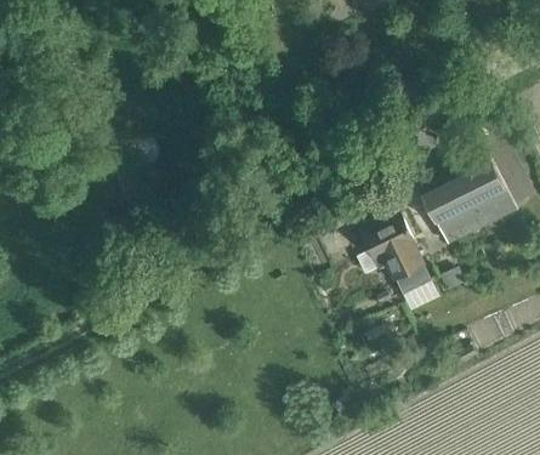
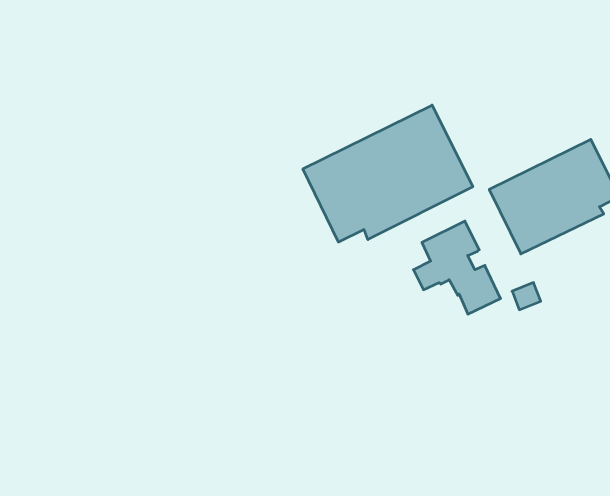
building: none -> [303,105,473,242]

